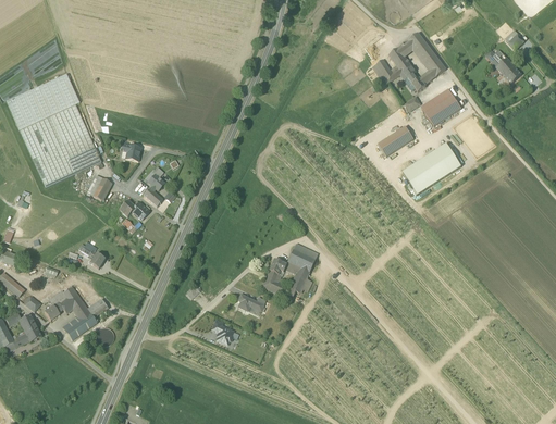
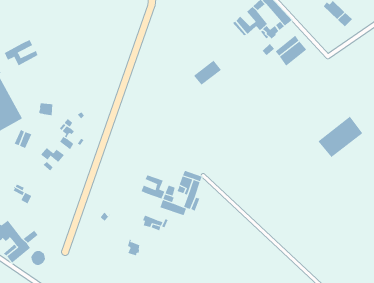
building: none -> [4,39,38,66]
building: [378,126,413,157] -> [193,60,222,86]
building: [403,144,460,194] -> [317,116,363,158]
building: none -> [141,174,165,199]

